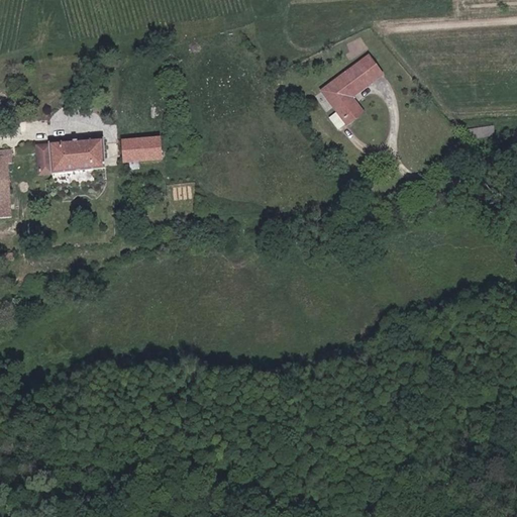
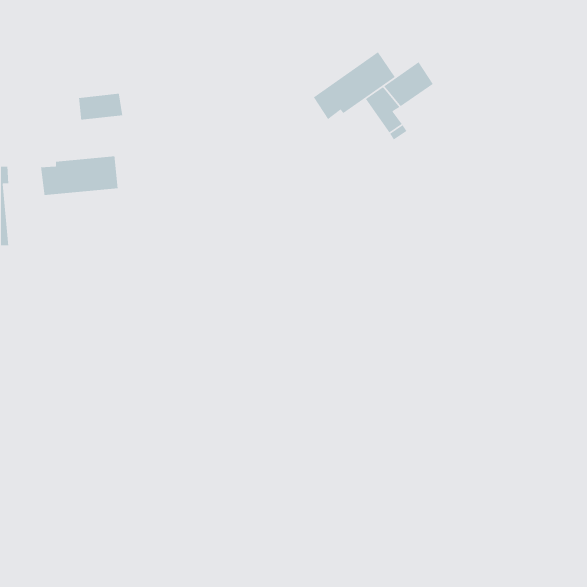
building: none -> [313,51,396,120]
building: [121,136,161,161] -> [78,93,123,121]

